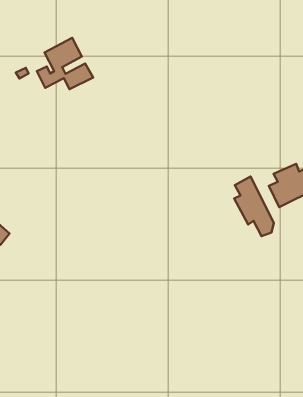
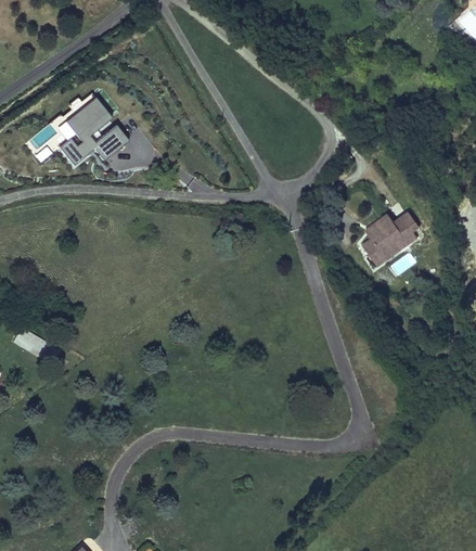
building: [234,177,274,236] -> none

